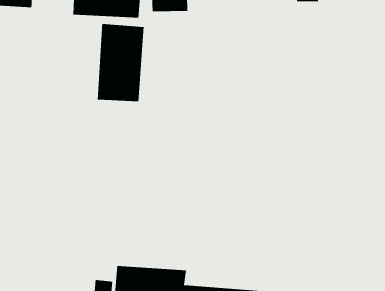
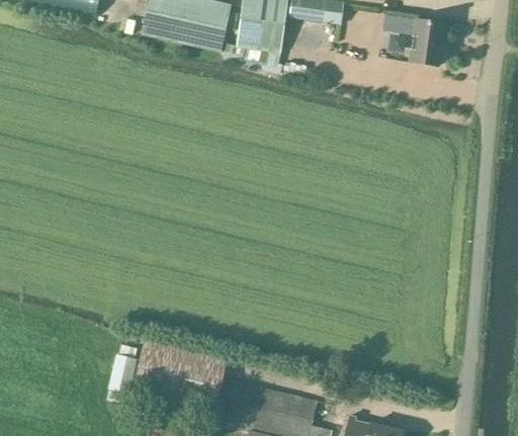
building: [97,23,144,102] -> none

